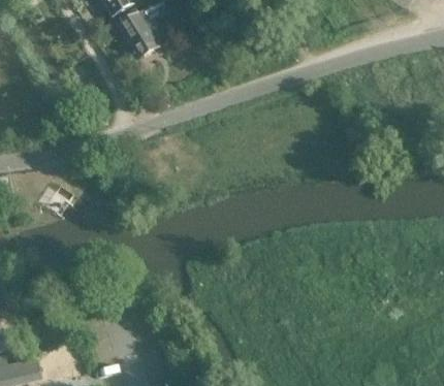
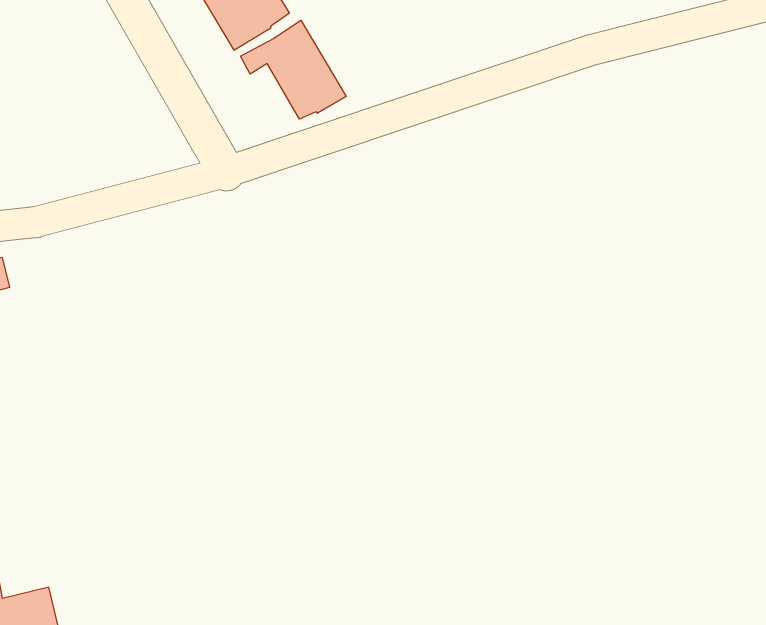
building: none -> [241,20,346,119]

